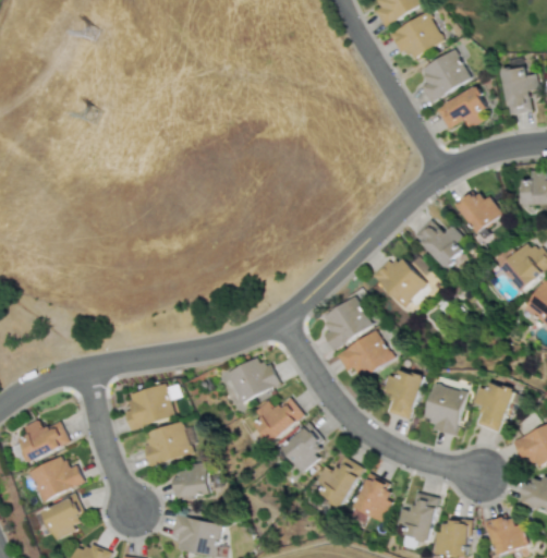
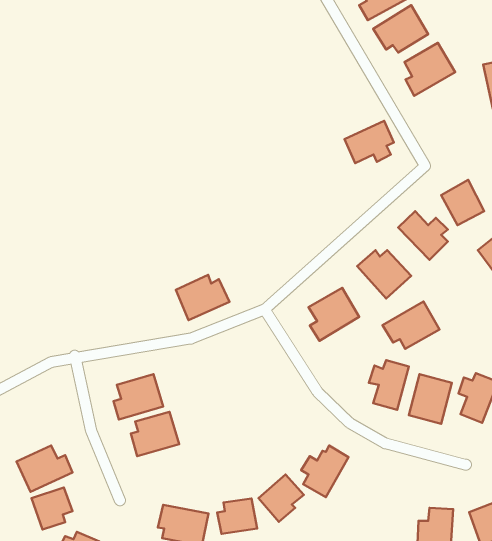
building: [436,87,486,130] -> [344,121,394,163]
building: [337,330,394,378] -> [382,301,440,349]
building: [226,357,280,403] -> [176,275,230,320]
building: [254,397,304,442] -> none
building: [19,420,70,462] -> none
building: [280,425,326,473] -> [258,474,304,522]
building: [171,463,211,499] -> [217,498,257,534]
building: [352,475,393,522] -> none
building: [397,492,438,542] -> none

